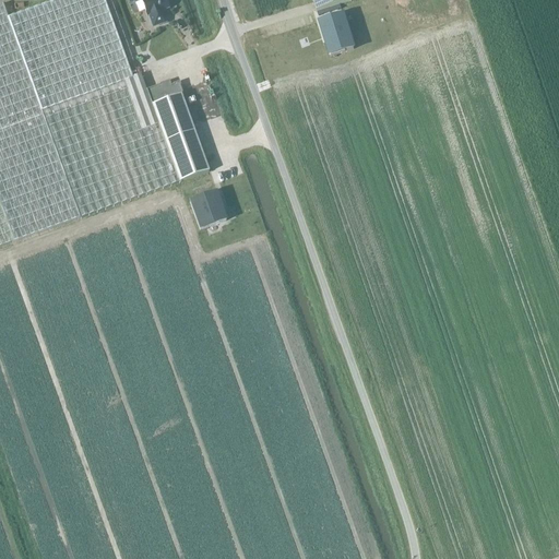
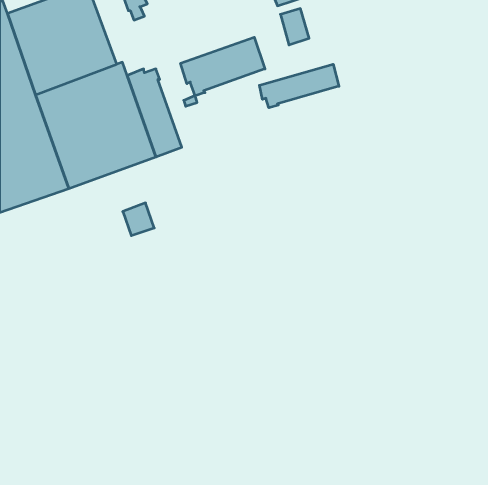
building: none -> [181,37,265,96]
building: none -> [259,64,339,108]
building: [189,189,225,226] -> [123,203,154,236]

